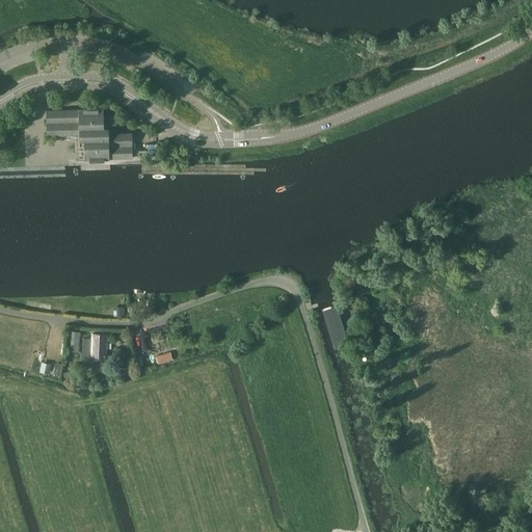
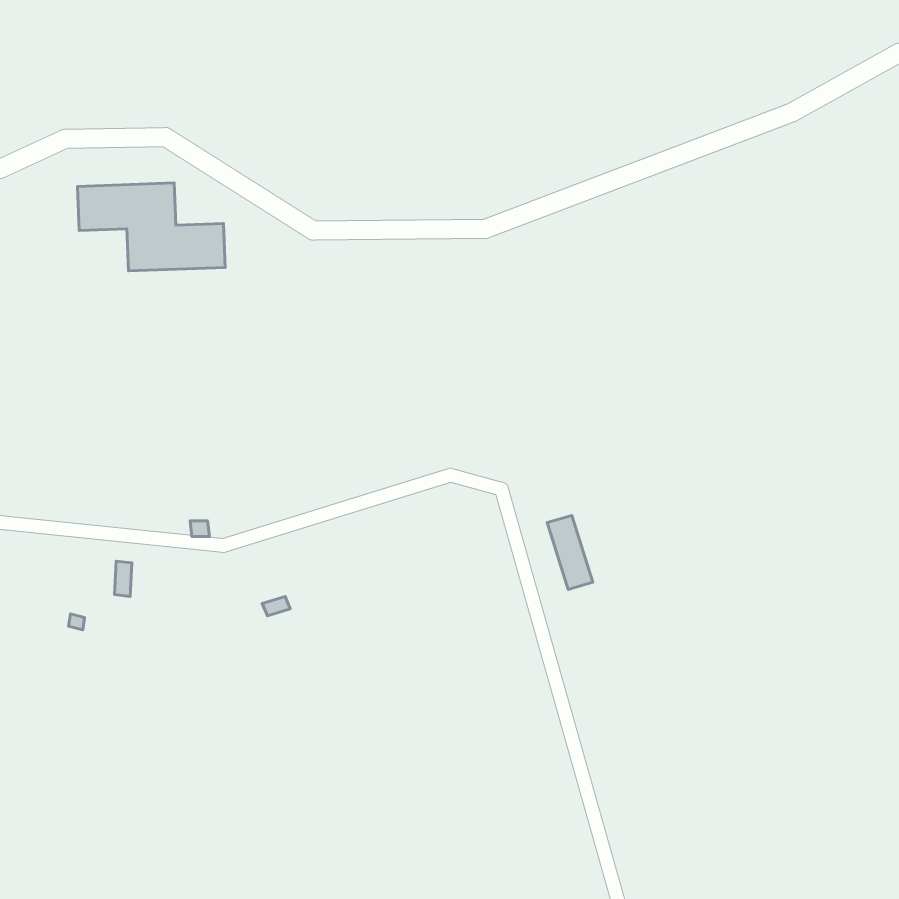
building: [83,334,106,362] -> none

